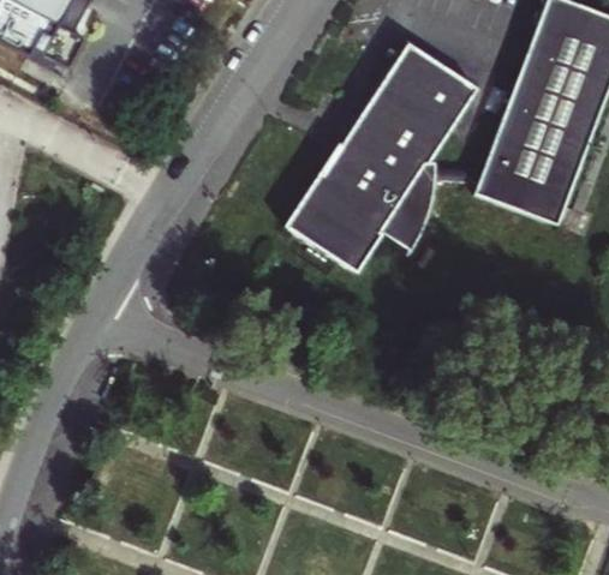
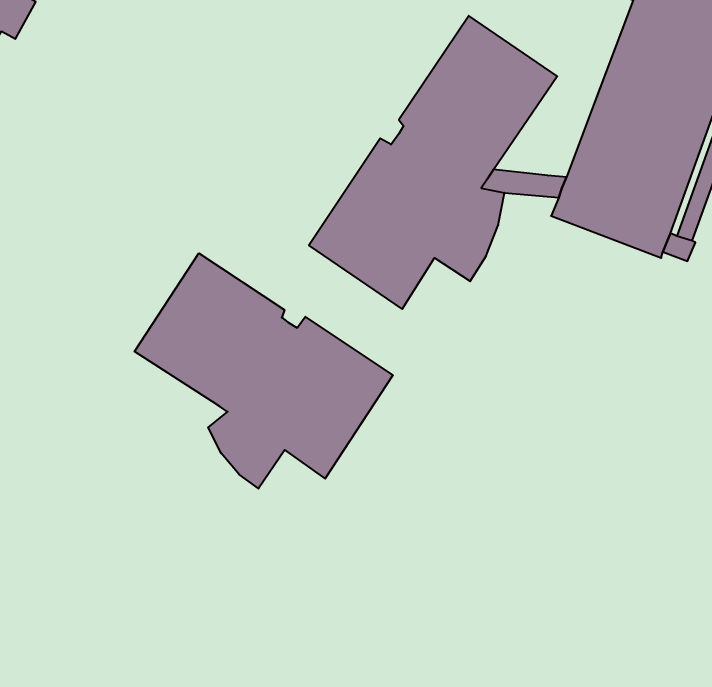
building: none -> [135,253,393,489]

